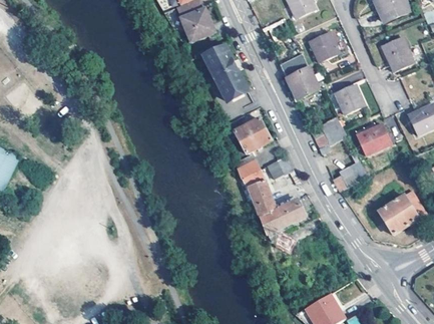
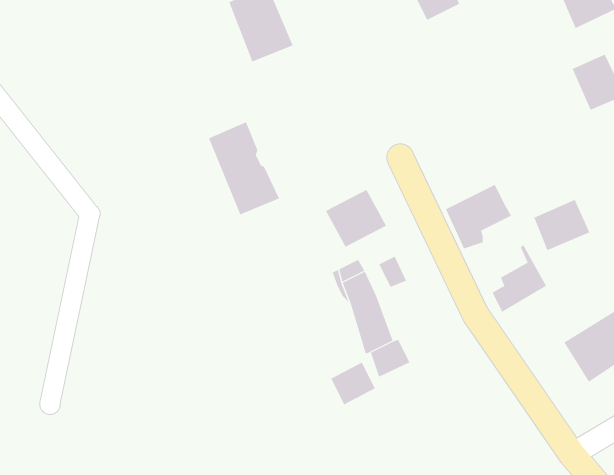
building: [310,31,339,61] -> none
building: [200,44,244,100] -> [208,122,280,215]
building: [279,54,319,100] -> none
building: [336,83,366,113] -> none
building: [278,199,305,225] -> [330,362,375,405]

